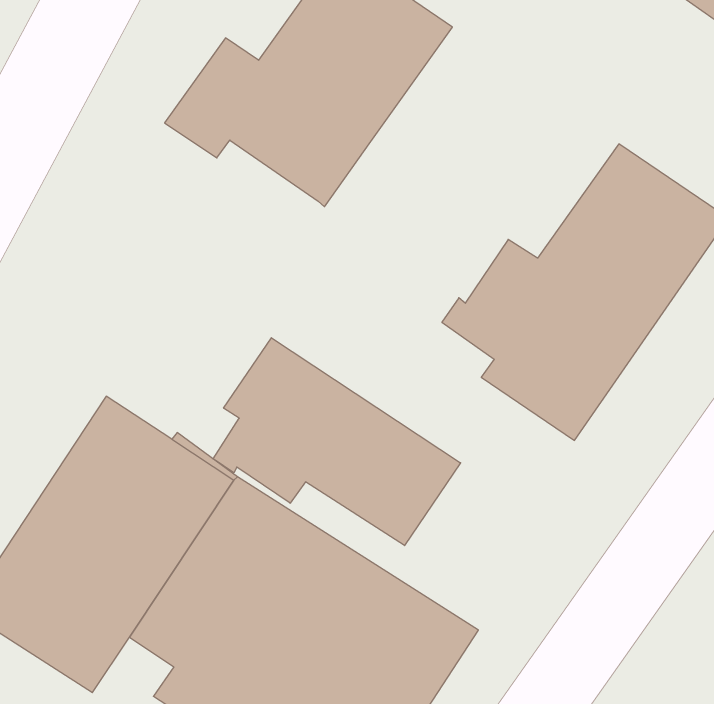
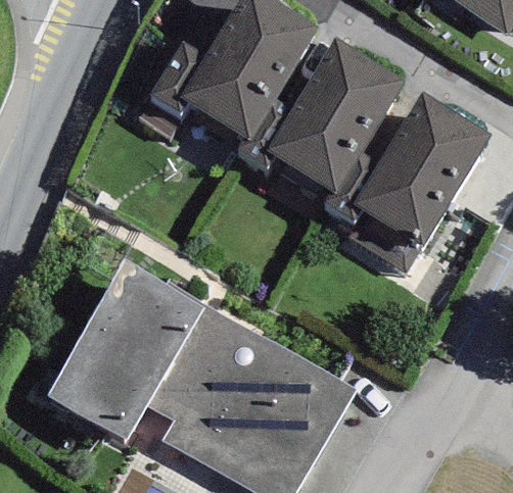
building: none -> [235,39,405,193]
building: [213,338,461,546] -> none

